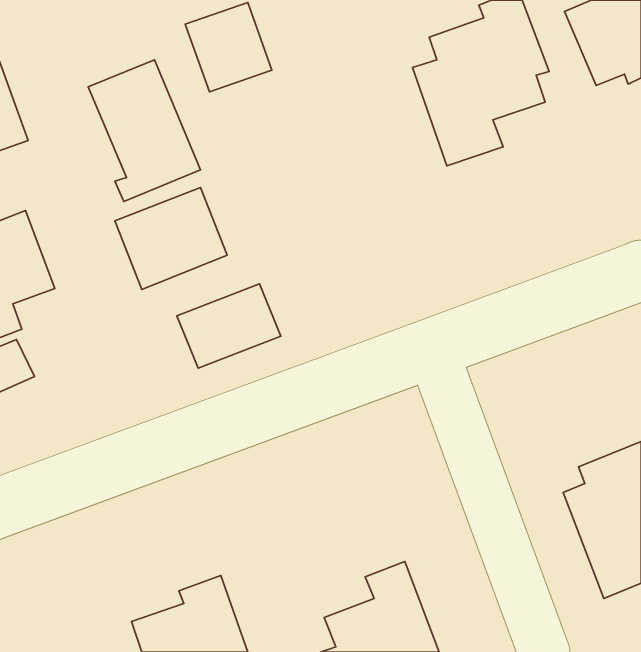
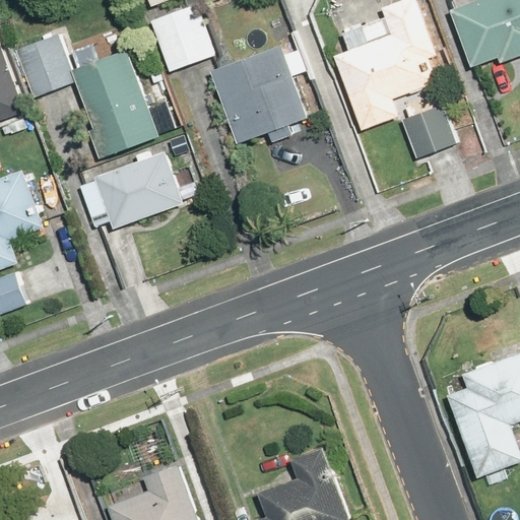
building: none -> [12,27,70,100]
building: none -> [212,45,308,143]
building: none -> [398,104,457,160]
building: [177,284,281,368] -> none

